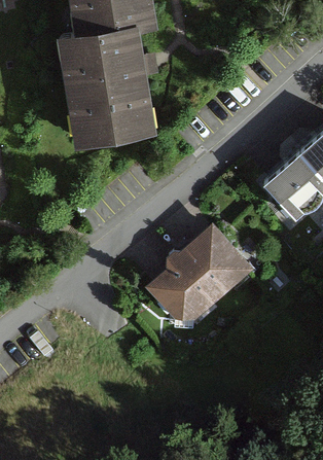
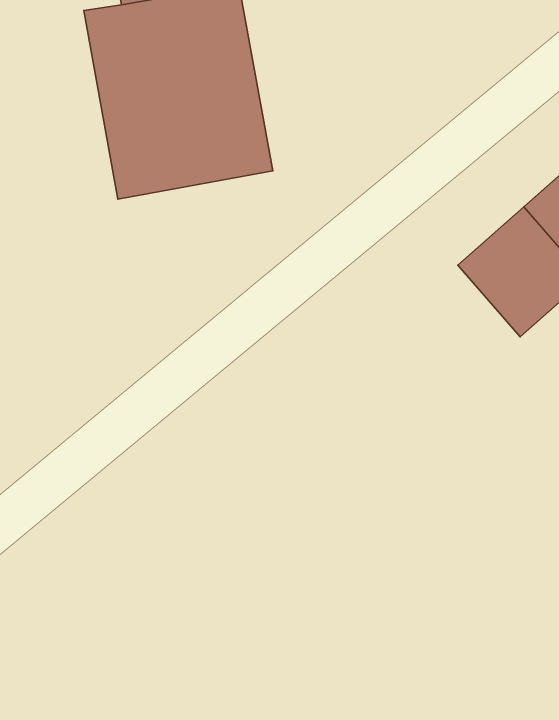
building: [145,226,251,332] -> none

